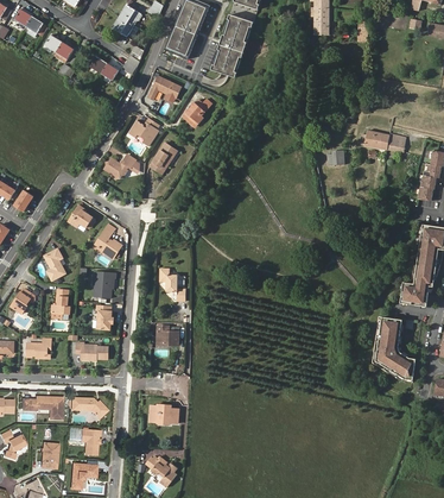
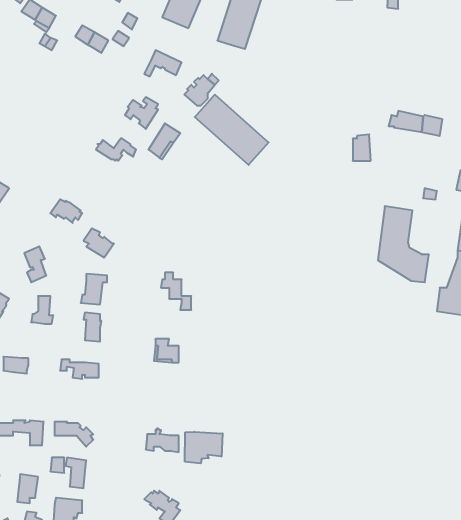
building: none -> [195,95,269,165]
building: [372,317,416,383] -> [378,206,429,282]
building: none -> [185,432,223,463]

